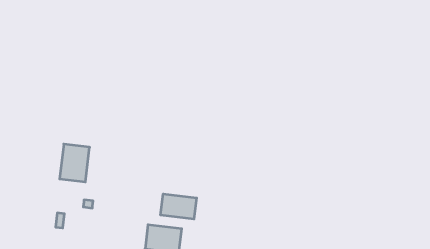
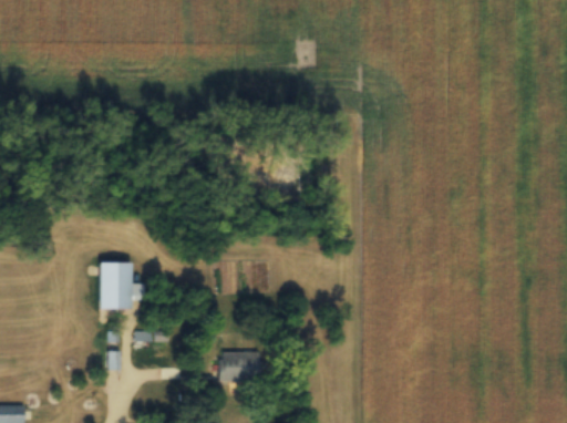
building: [161,194,197,219] -> none

